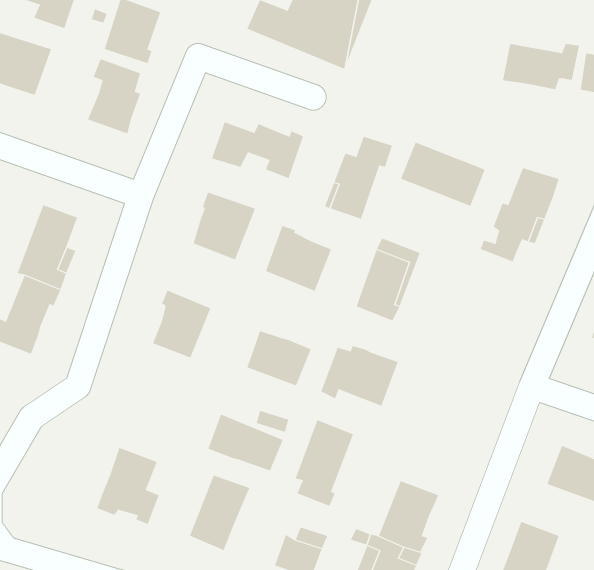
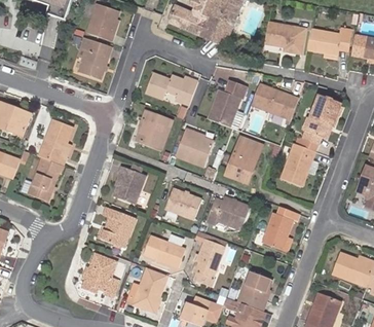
building: none -> [264,23,304,53]
building: none -> [280,143,319,185]
building: none -> [261,207,298,250]
building: none -> [102,208,135,247]

